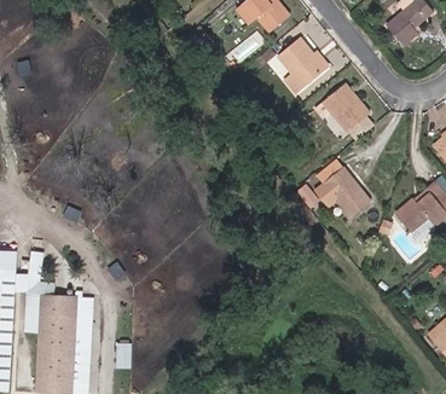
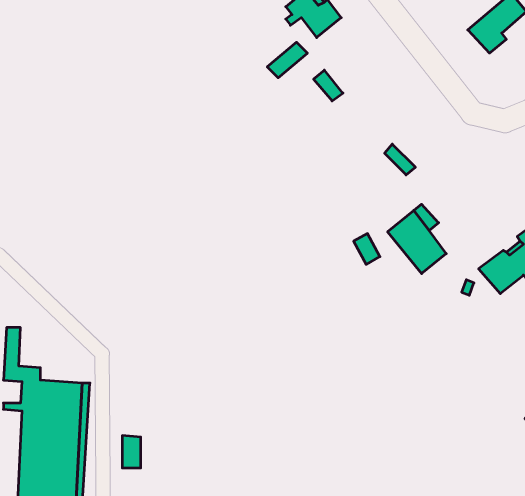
building: [279,37,325,92] -> none
building: [324,85,370,131] -> none

